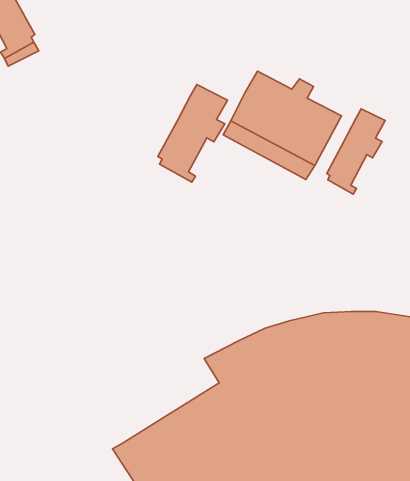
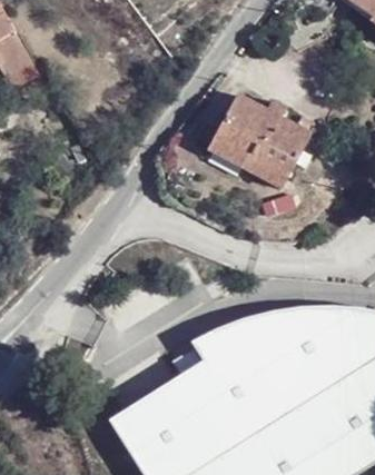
building: [158,85,227,182] -> none
building: [327,109,385,194] -> none

